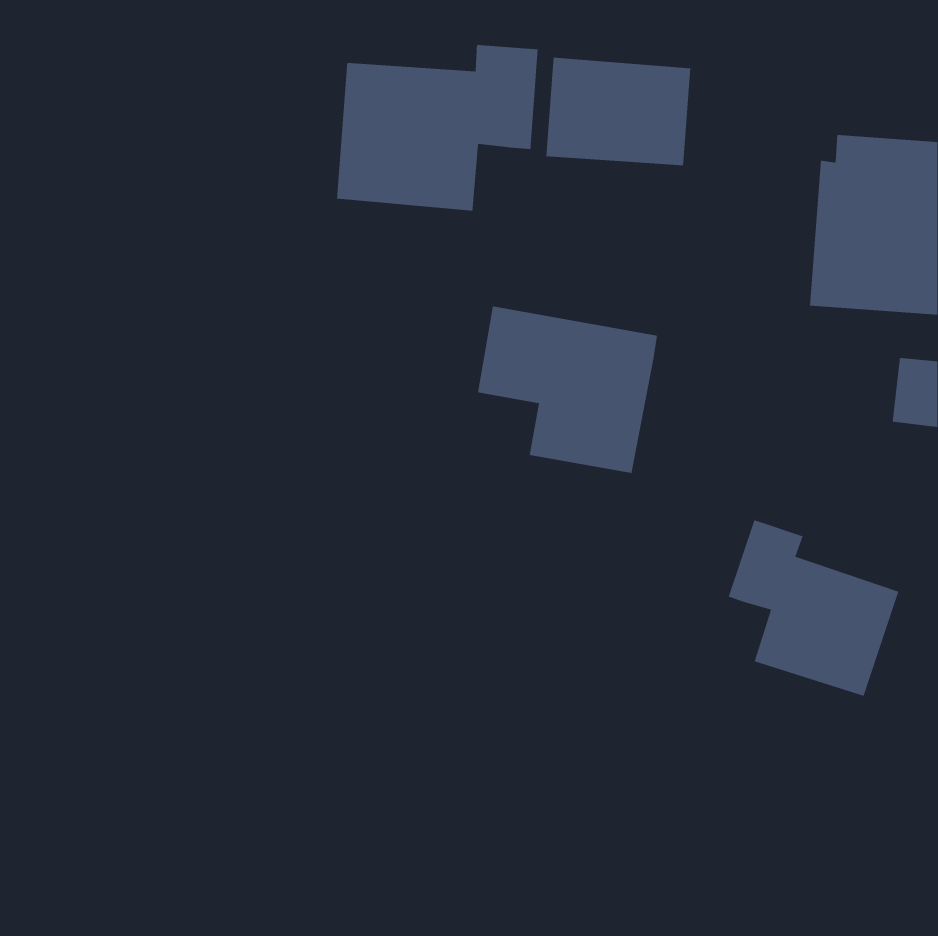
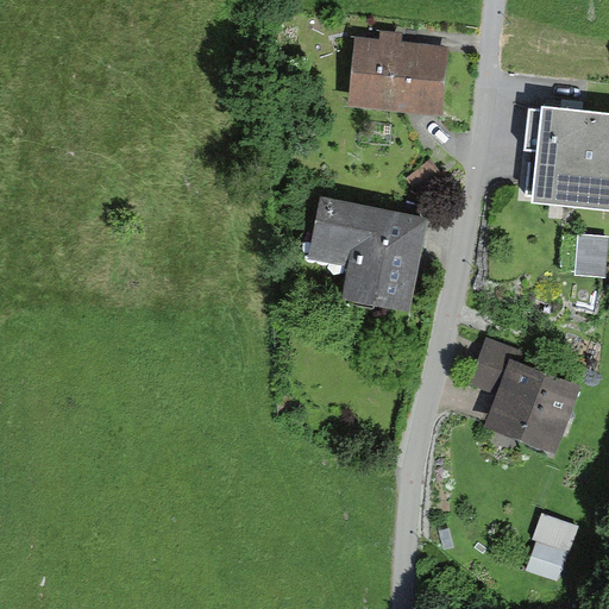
building: [337,44,538,211] -> none
building: none -> [528,506,576,570]

